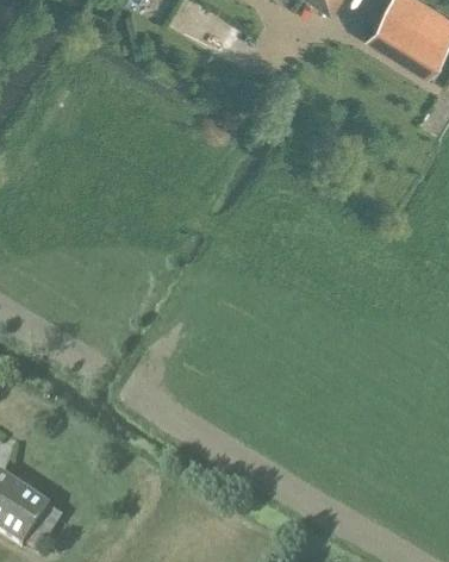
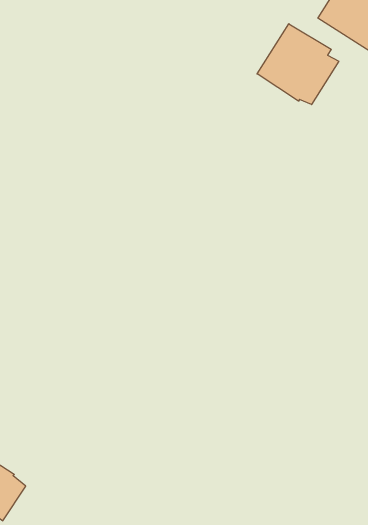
building: none -> [257,24,339,105]

